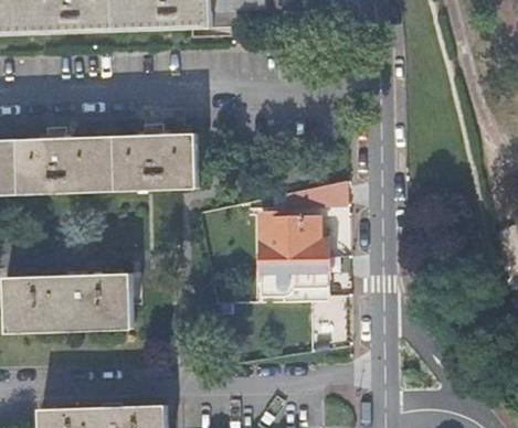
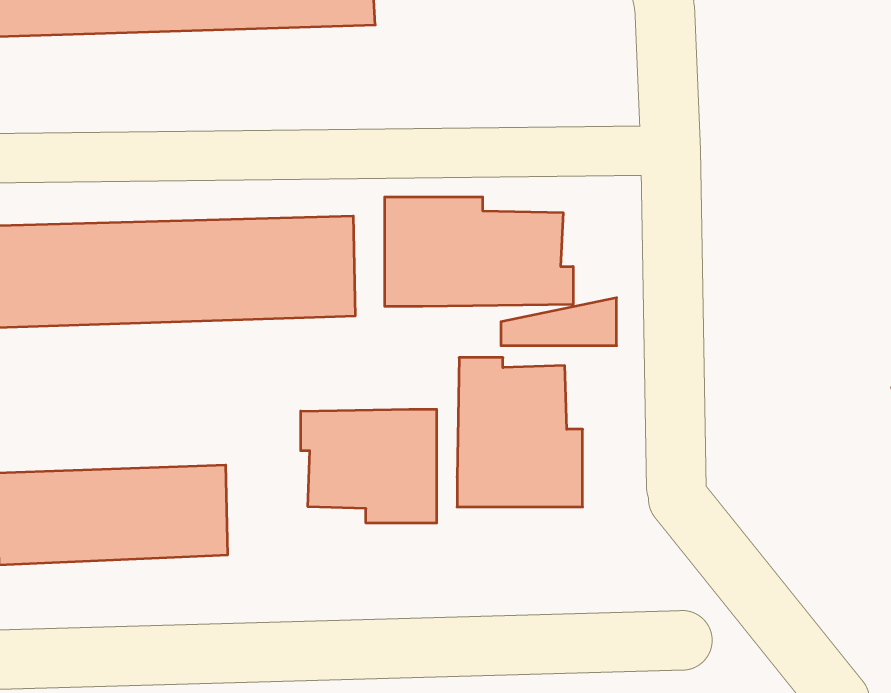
building: none -> [385,197,573,306]
building: none -> [301,409,437,523]

